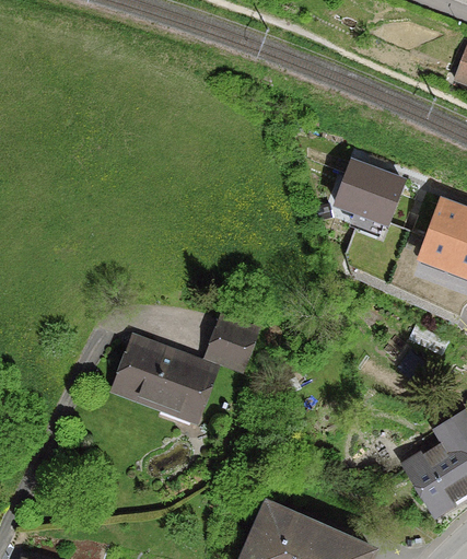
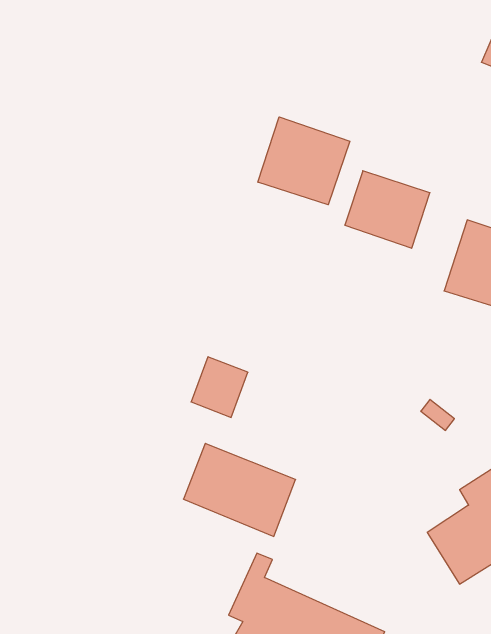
building: none -> [258,117,350,205]
building: [114,340,209,419] -> [183,443,296,536]

